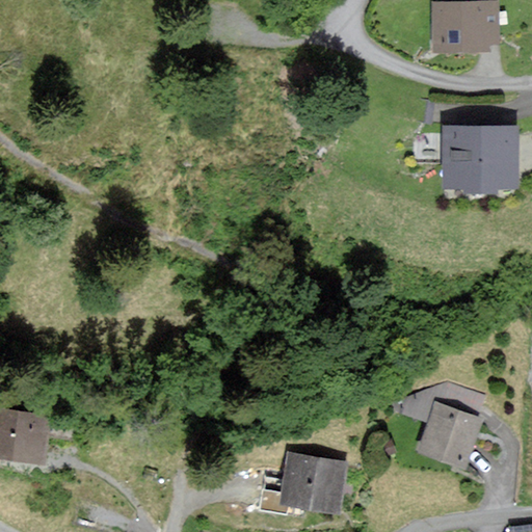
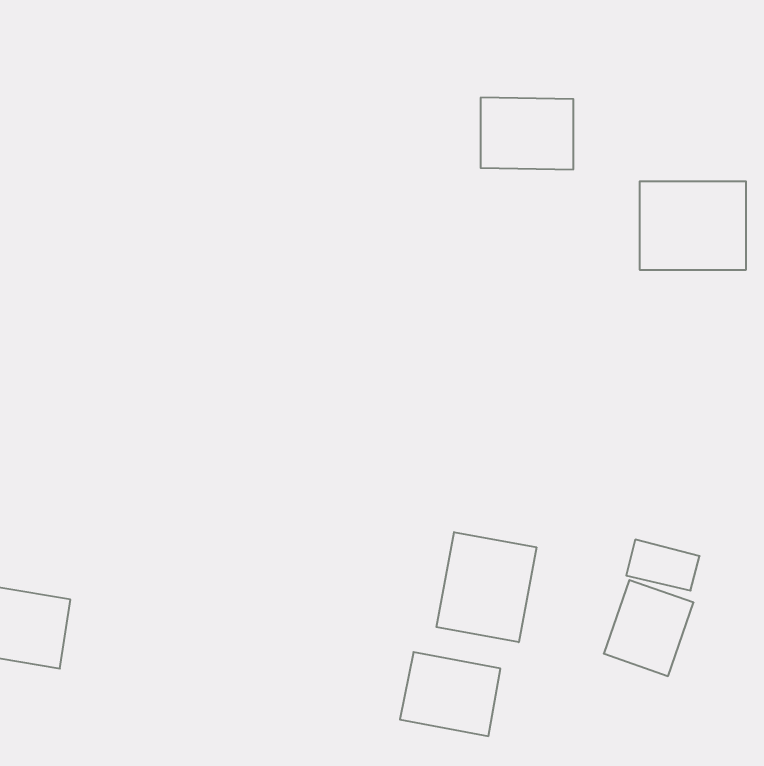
building: [432,4,497,54] -> [481,98,573,169]
building: none -> [436,532,536,642]

